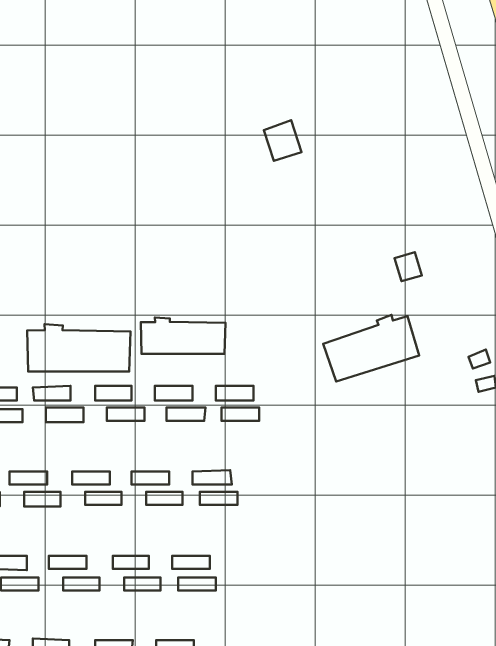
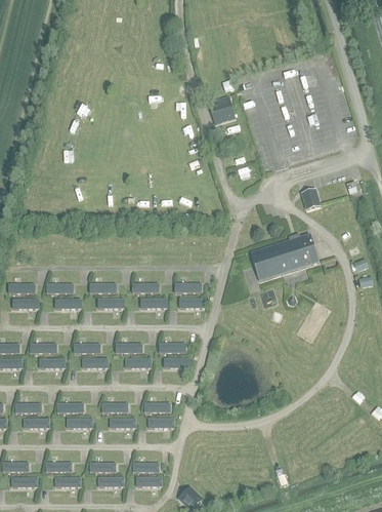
building: [141,317,226,354] -> none
building: [27,324,130,371] -> none

